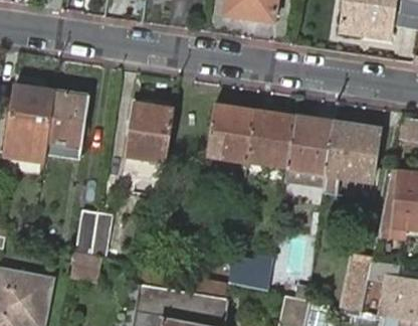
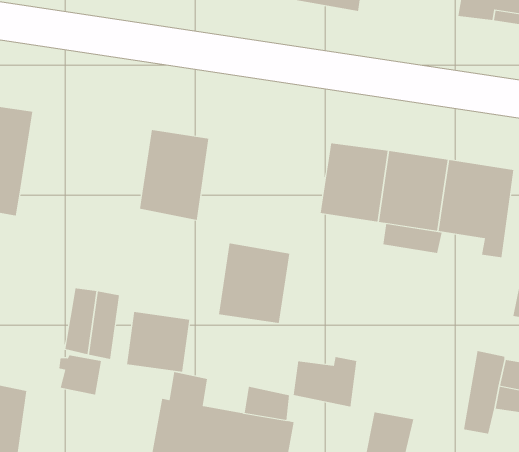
building: [46,91,88,148] -> none
building: [206,105,254,159] -> [218,243,290,324]
building: none -> [126,311,190,373]

